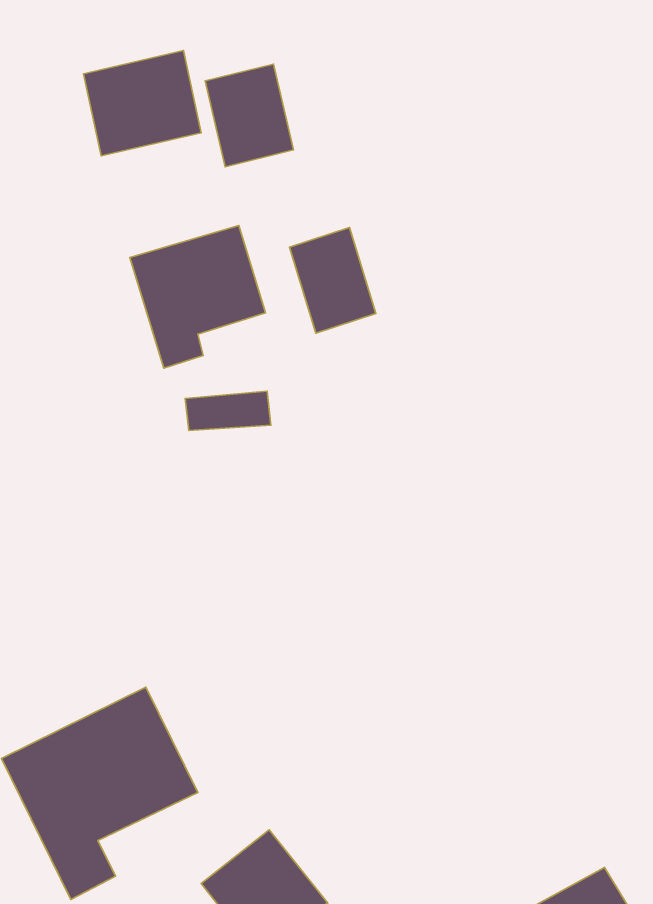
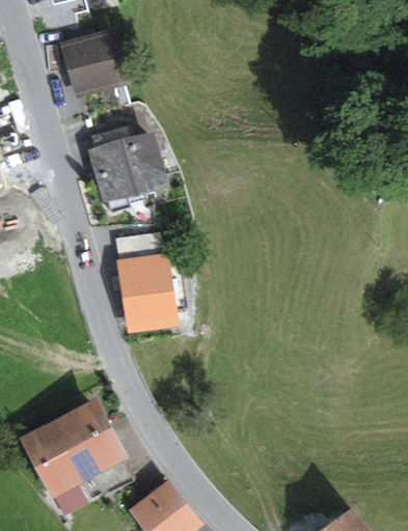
building: [205,64,293,167] -> none
building: [290,228,376,333] -> none
building: none -> [118,257,179,328]

